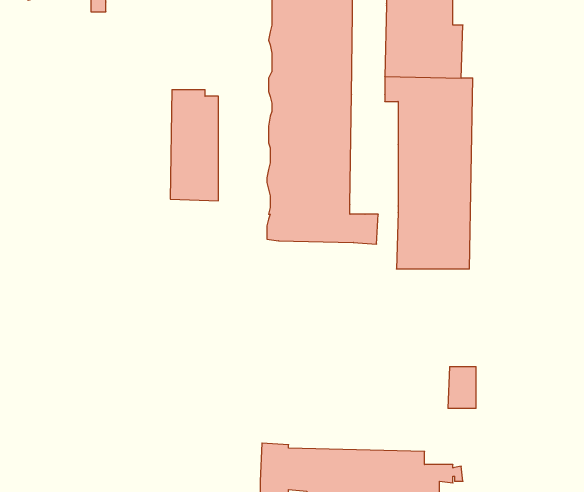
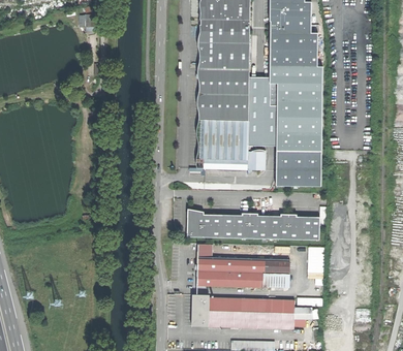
building: [170,90,218,201] -> [247,77,277,147]
building: none -> [186,213,319,240]
building: none -> [196,244,289,287]

